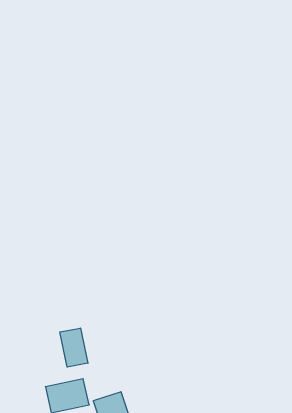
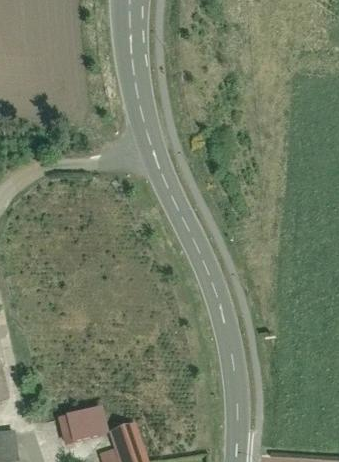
building: [60,328,88,367] -> none

